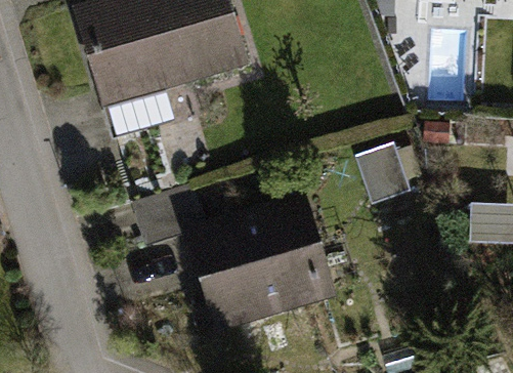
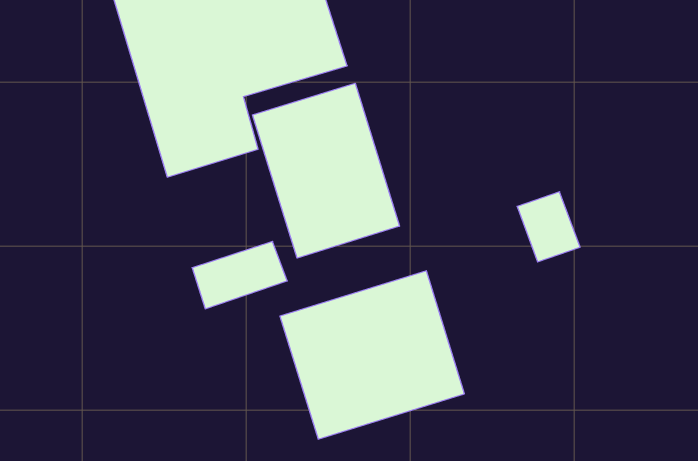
building: none -> [253,83,399,258]

